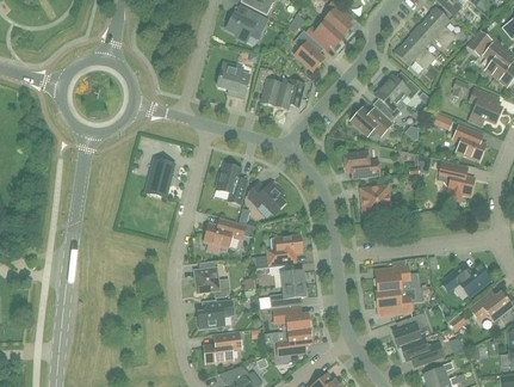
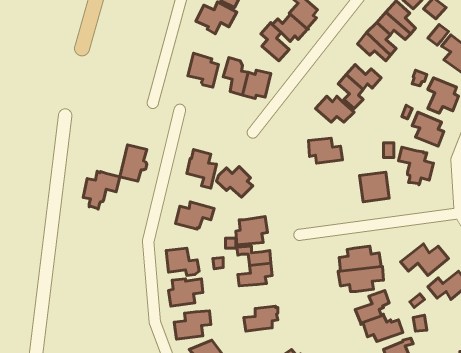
building: [360,184,391,215] -> [360,172,389,202]
building: none -> [83,171,120,209]
building: [272,306,310,330] -> none

